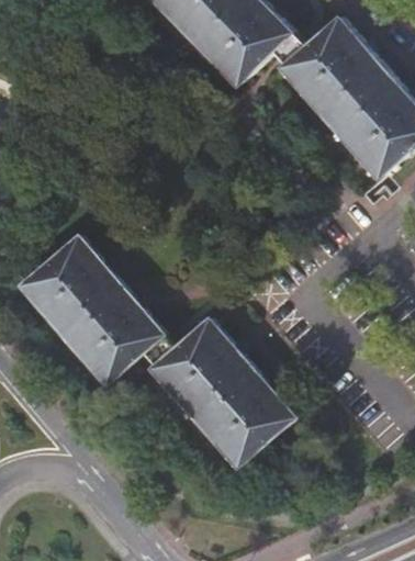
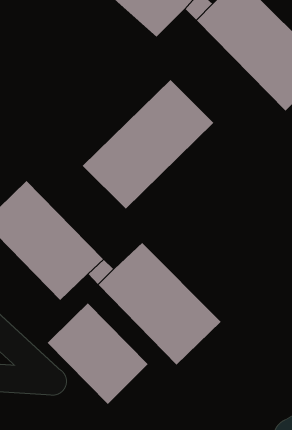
building: none -> [82,79,214,209]
building: none -> [47,302,148,405]

